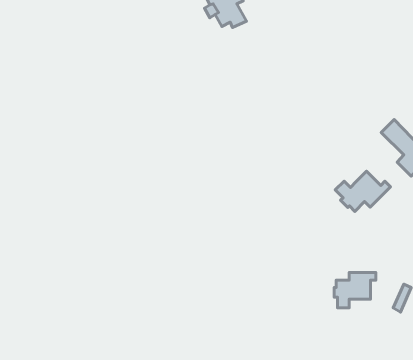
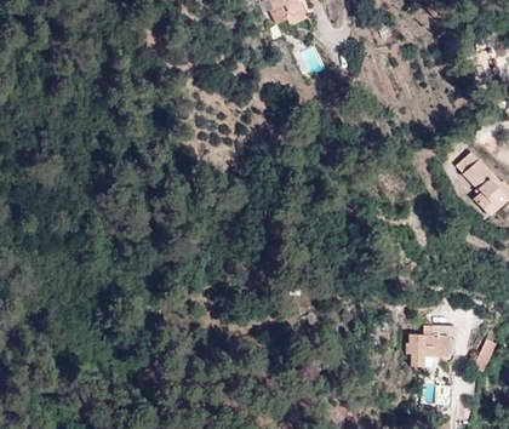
building: [335,171,391,211] -> none

